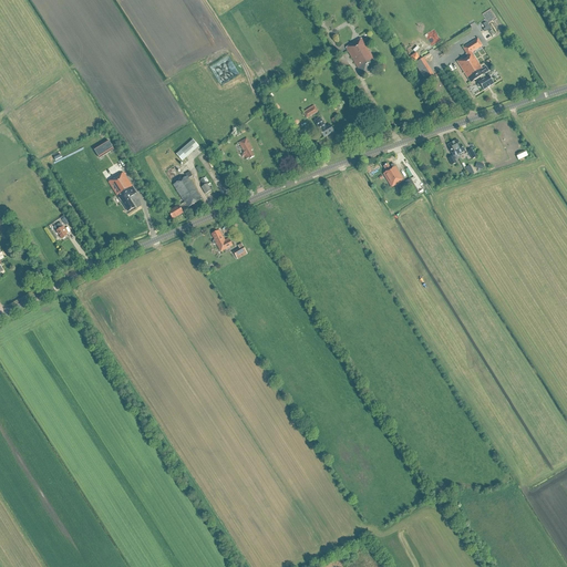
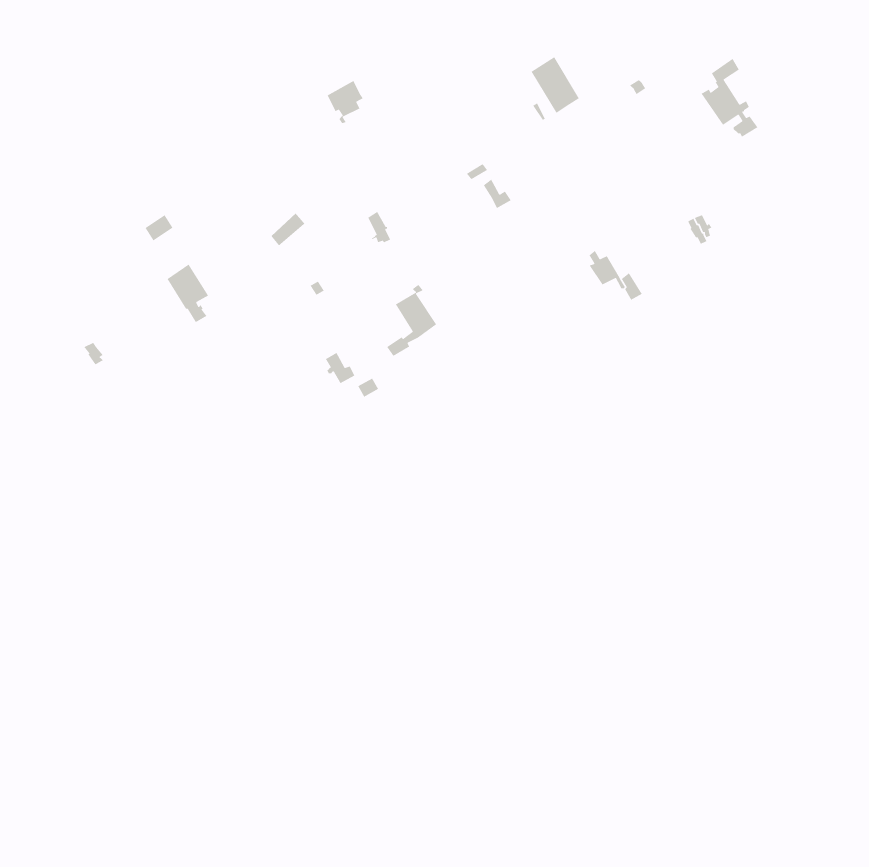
building: [168,171,202,218] -> [386,284,437,357]

